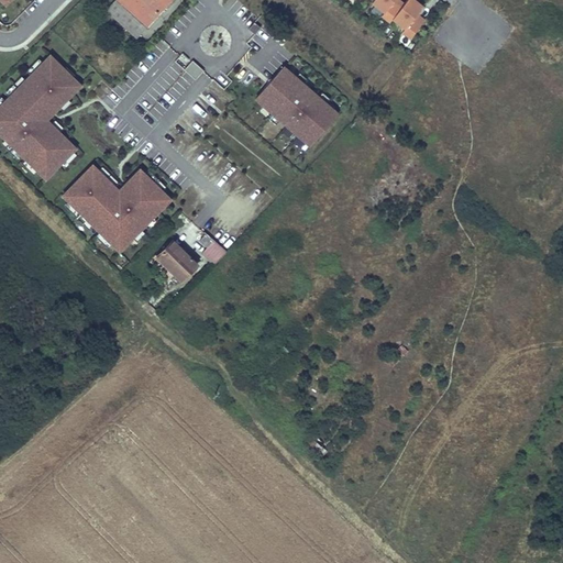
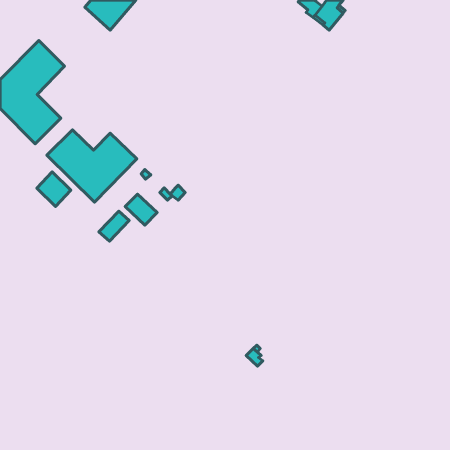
building: [257,68,336,144] -> none
building: none -> [37,172,71,207]
building: none -> [99,211,129,241]

